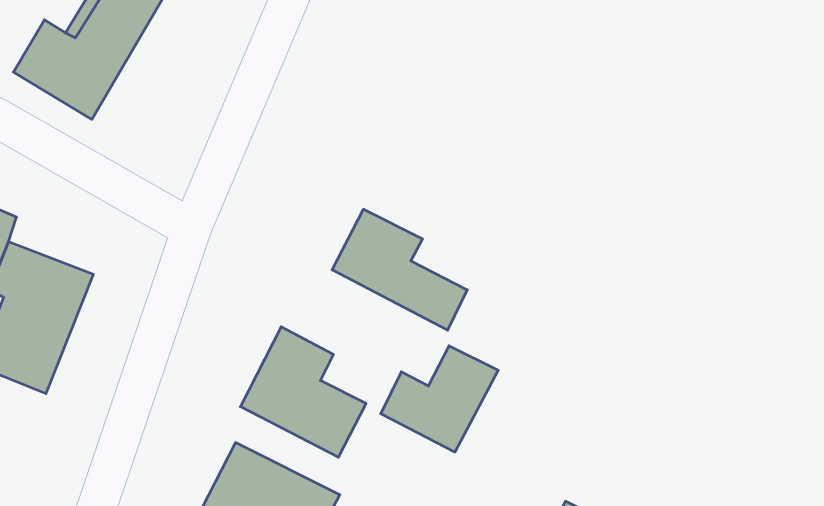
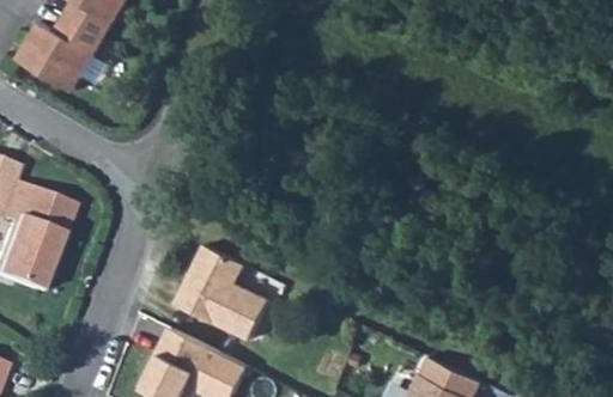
building: [332,209,467,330] -> none
building: [381,346,498,452] -> none

